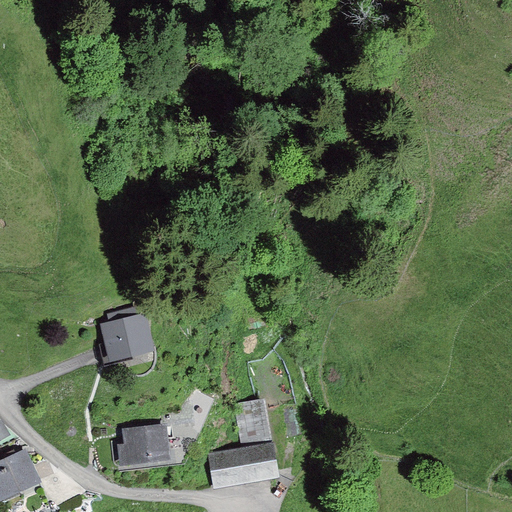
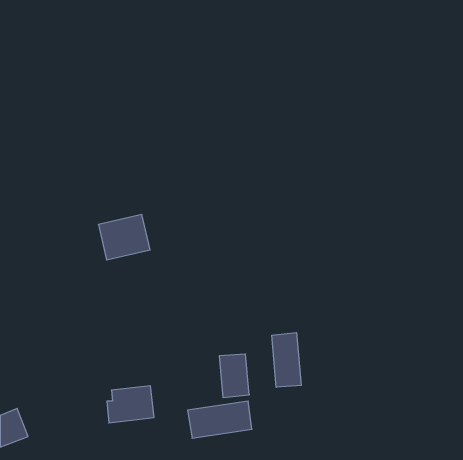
building: [97,314,154,364] -> [98,215,150,260]
building: none -> [272,333,301,387]

